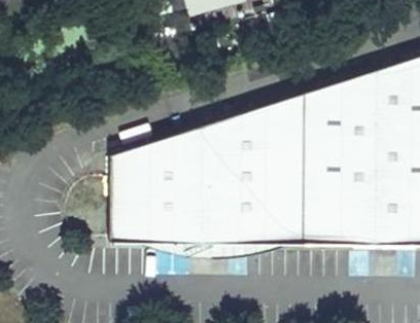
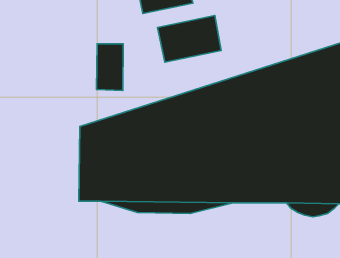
building: none -> [157,16,221,62]
building: none -> [97,44,123,90]

